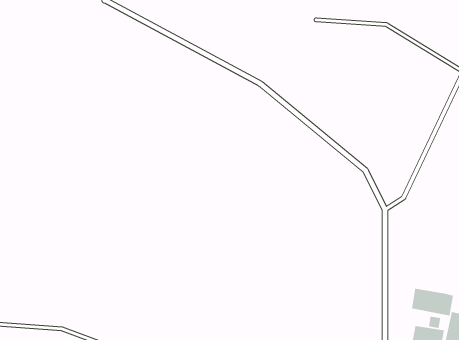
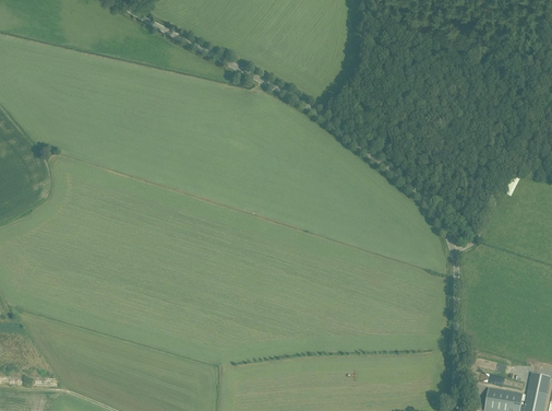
building: [411,288,454,317] -> none

